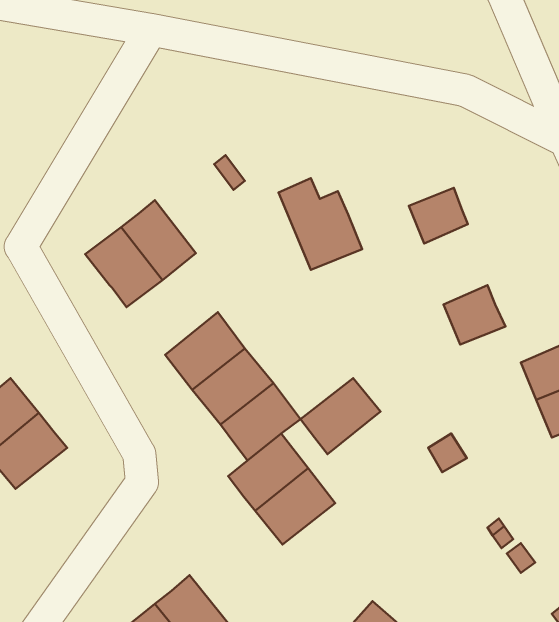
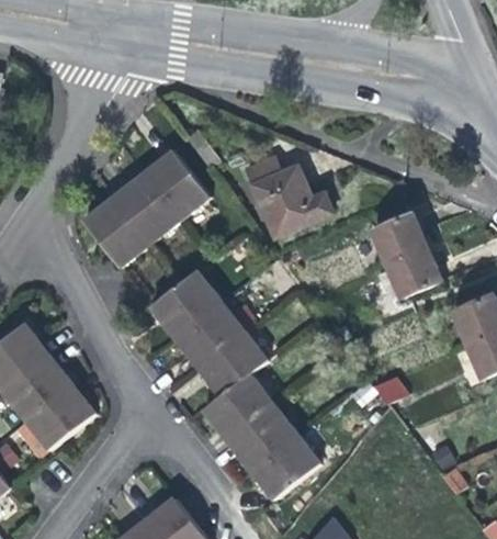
building: none -> [143,153,207,220]
building: [409,188,468,243] -> [375,216,426,263]
building: [300,378,380,454] -> [251,433,319,497]
building: none -> [24,385,92,450]

